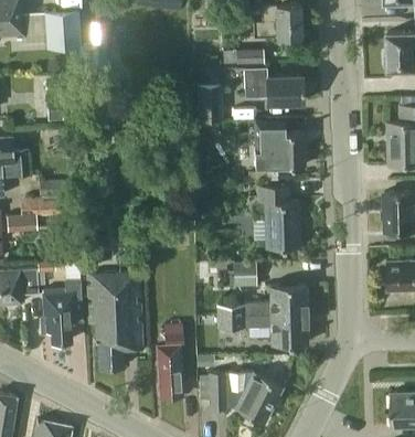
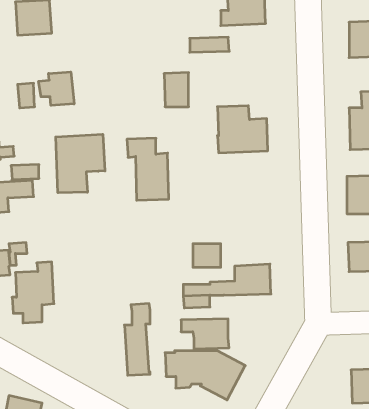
building: [243,70,302,106] -> none
building: none -> [39,72,74,105]
building: none -> [56,134,105,193]
building: [256,184,299,248] -> [127,138,169,200]
building: [86,273,141,367] -> none
building: [258,315,308,345] -> [181,319,229,349]

